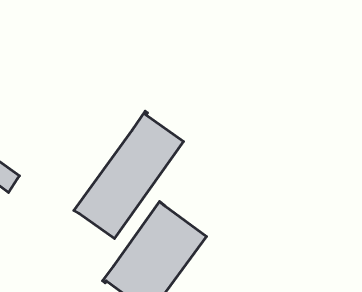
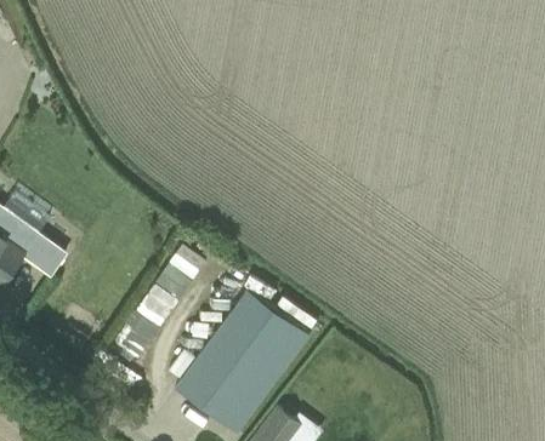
building: [74,111,183,238] -> none

